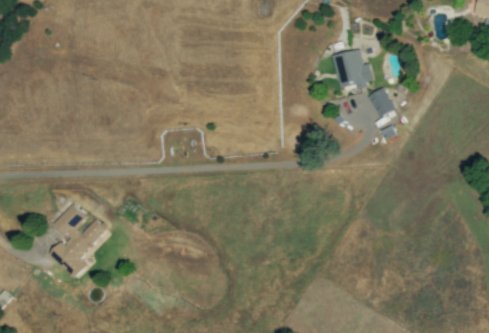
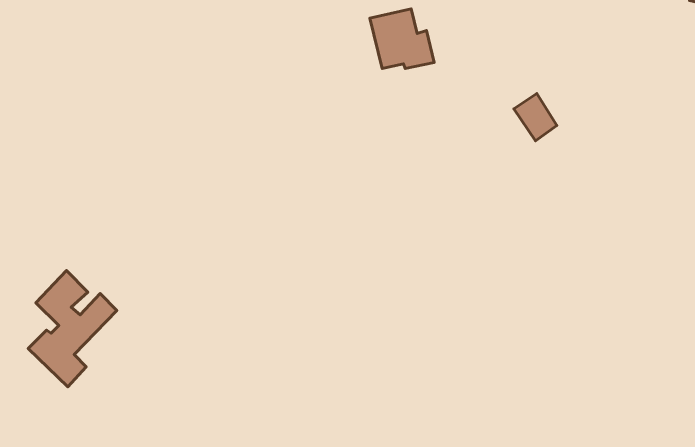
building: [333,48,375,87] -> [370,9,434,69]

